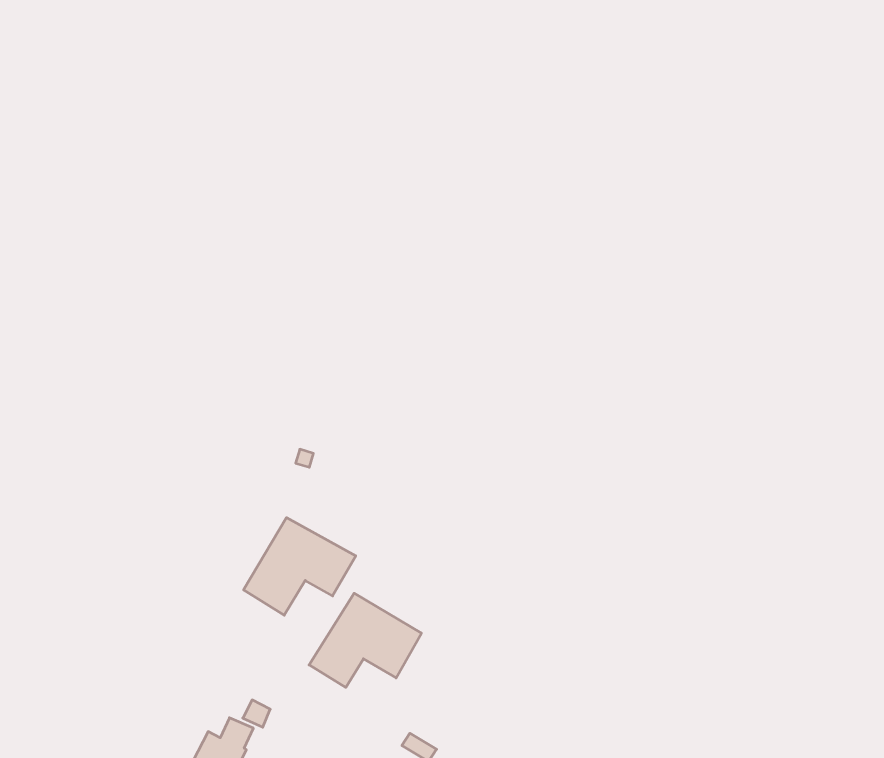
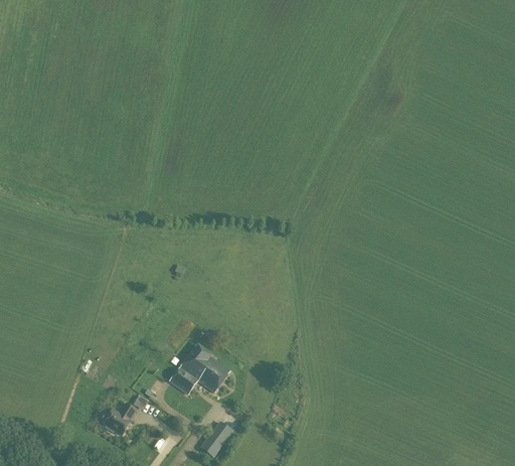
building: [244,518,356,615] -> none

